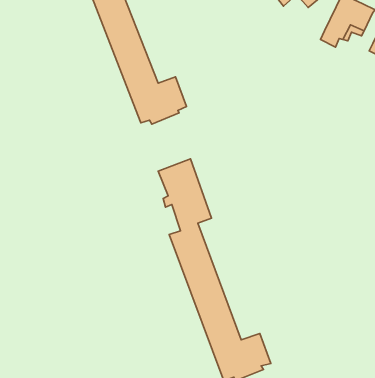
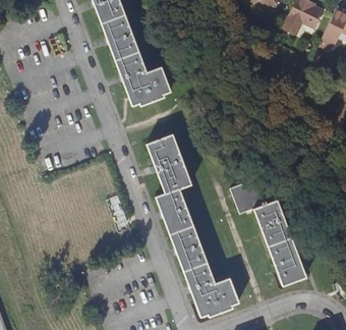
building: none -> [230,177,305,284]

